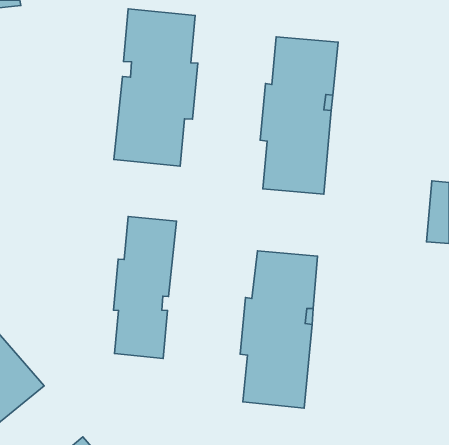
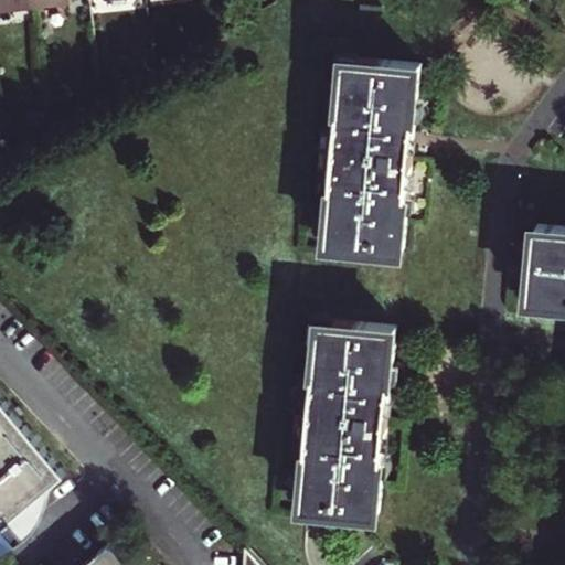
building: [114,9,198,166] -> none
building: [113,216,176,358] -> none

